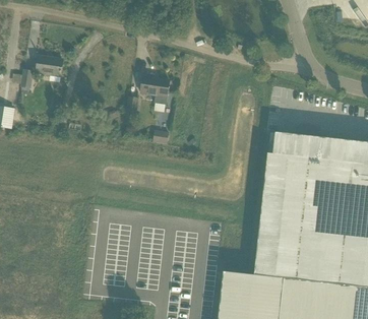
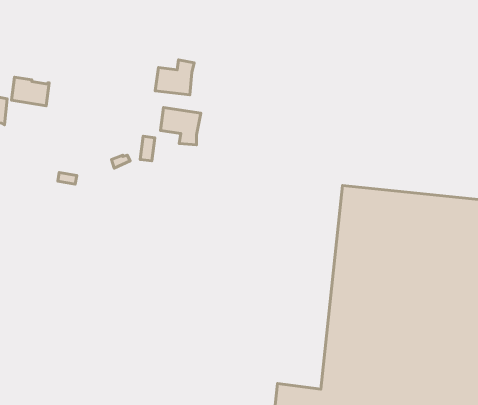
building: none -> [155,60,194,95]

